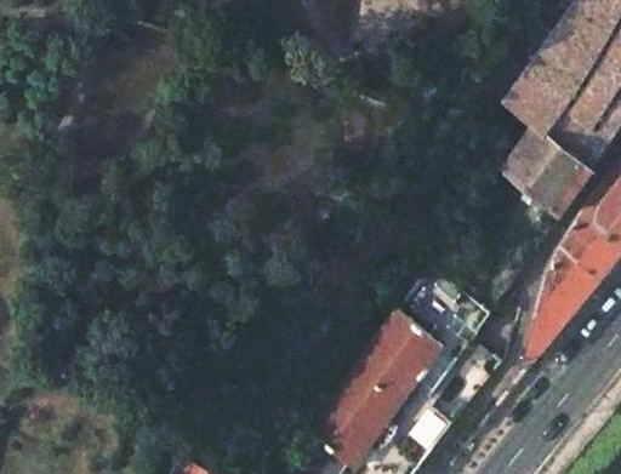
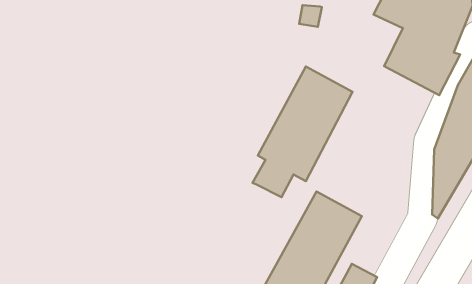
building: none -> [253,67,353,197]

